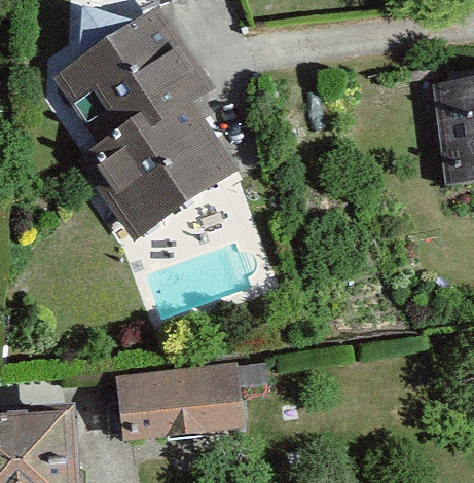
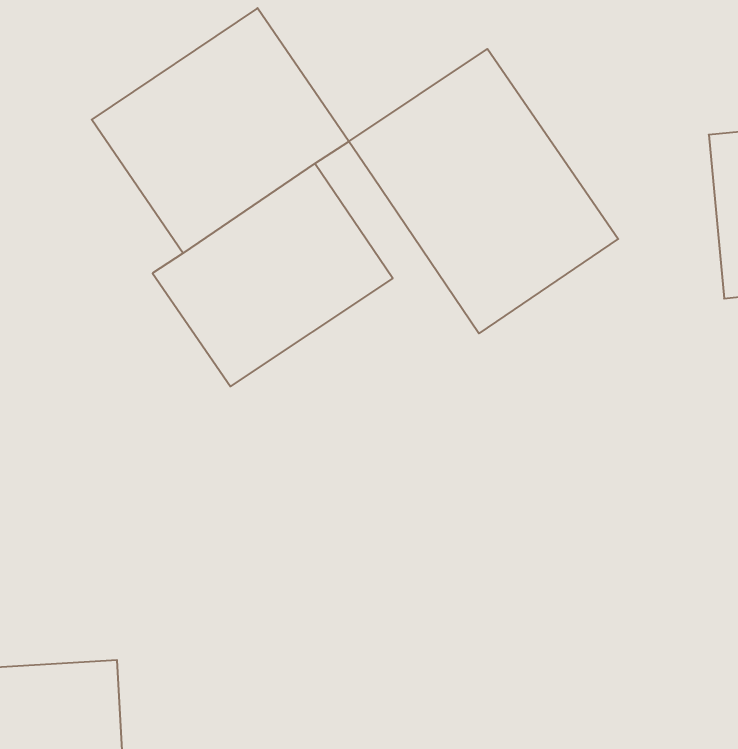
building: none -> [349,49,618,333]
building: [115,363,242,436] -> none

